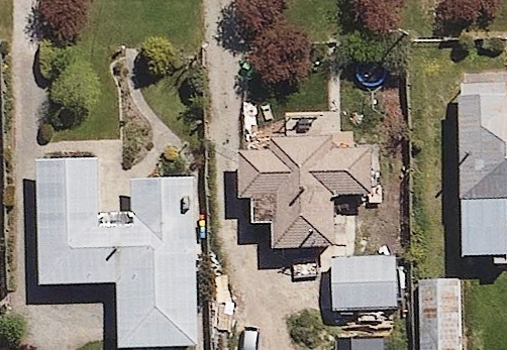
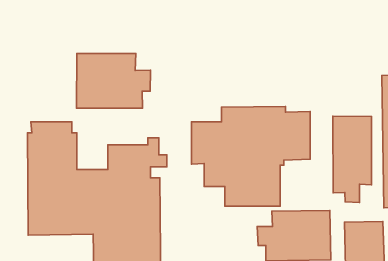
building: none -> [77,53,151,108]
building: none -> [333,116,371,202]

